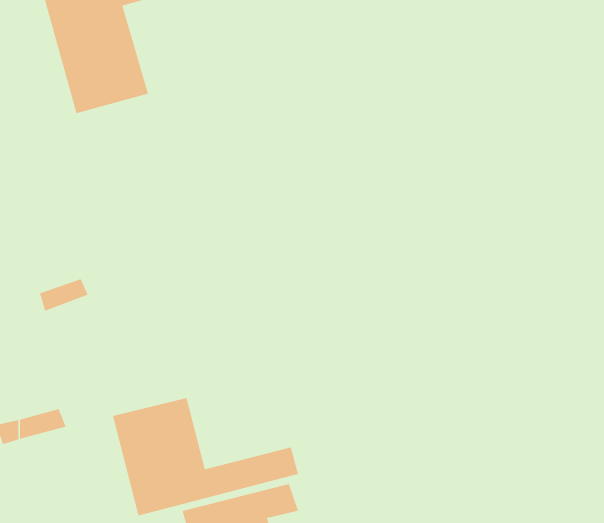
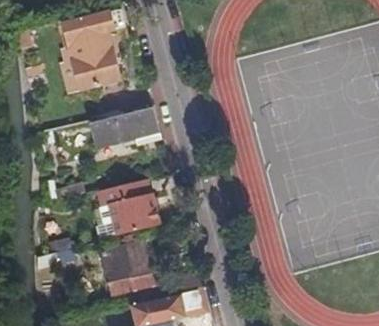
building: none -> [88,104,159,146]
building: none -> [97,179,159,237]

